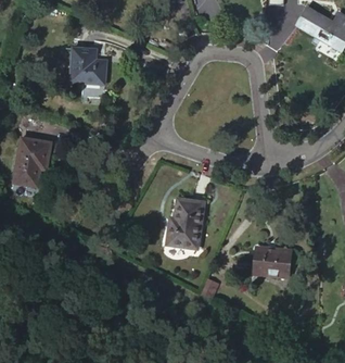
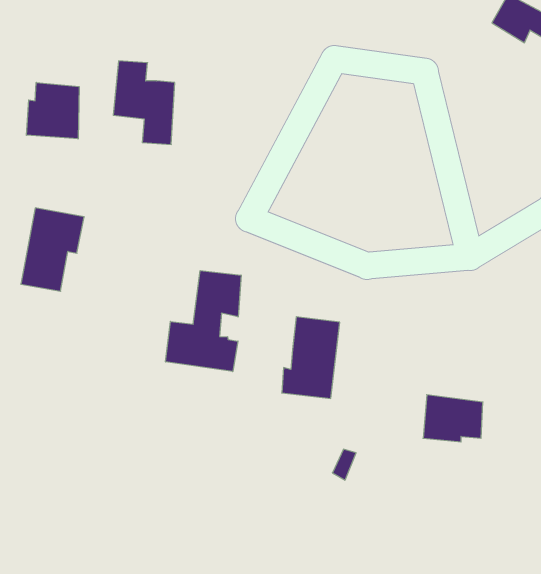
building: none -> [26,82,79,139]
building: none -> [166,271,241,372]

